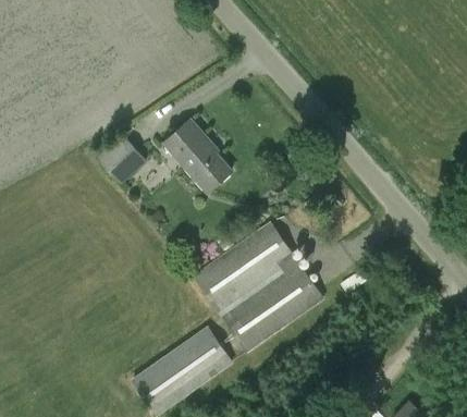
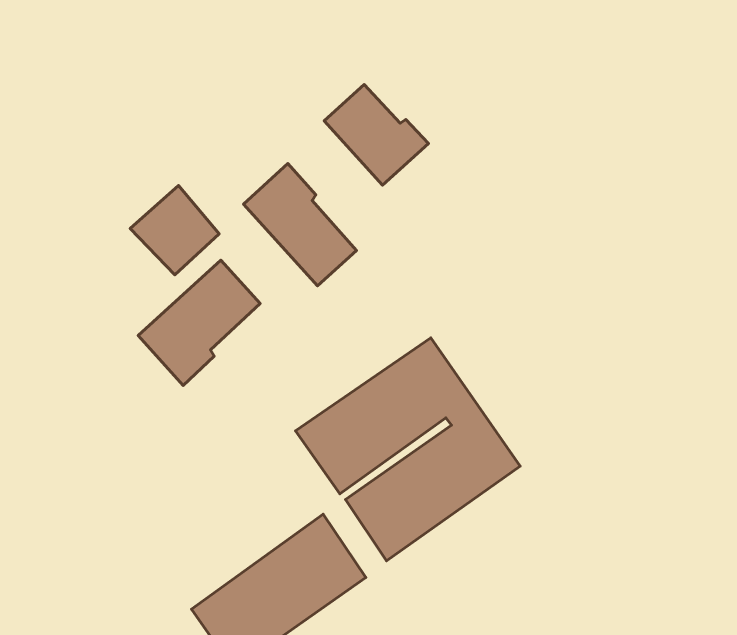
building: none -> [324,85,428,185]
building: none -> [138,260,260,385]

